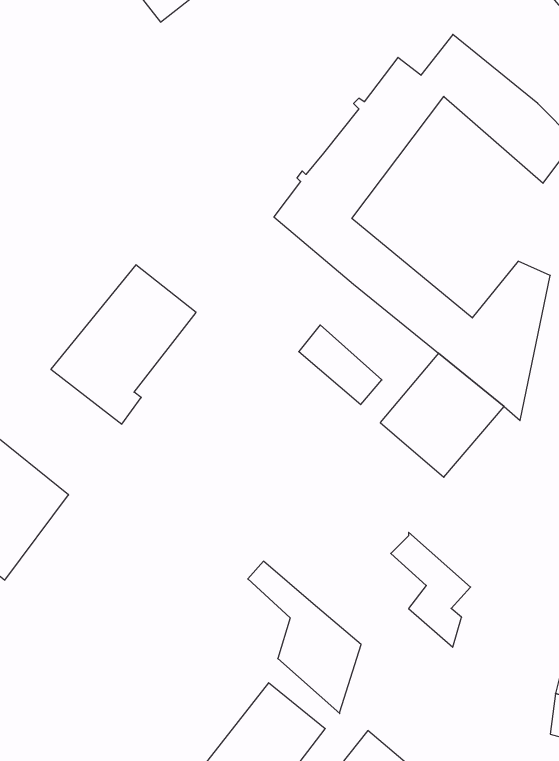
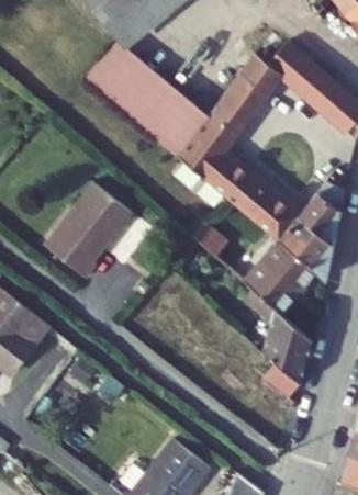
building: none -> [83,42,209,155]
building: [248,561,361,714] -> [243,290,313,384]

